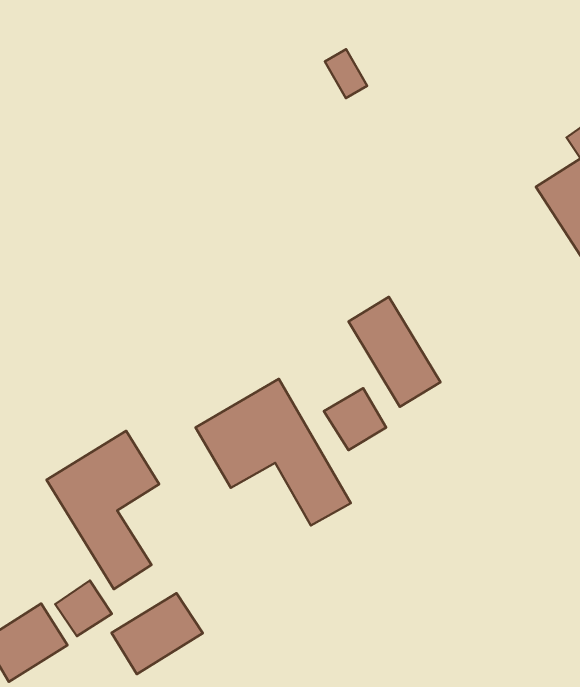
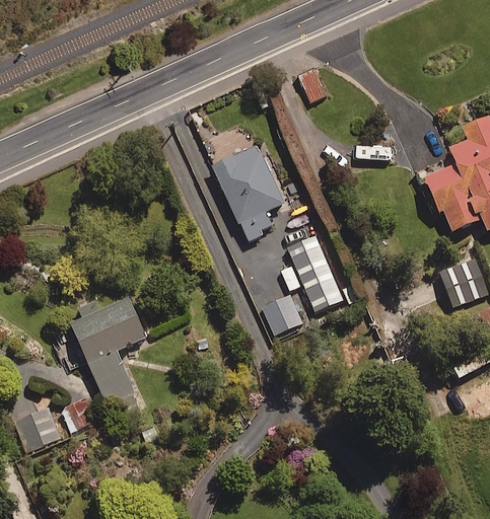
building: none -> [213,146,283,240]
building: [196,379,351,525] -> none
building: [112,593,203,674] -> none

